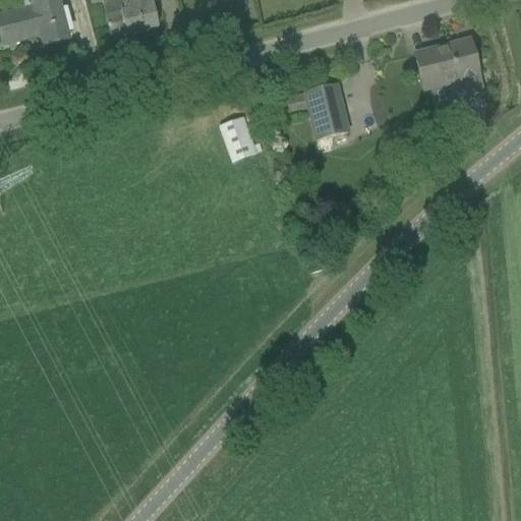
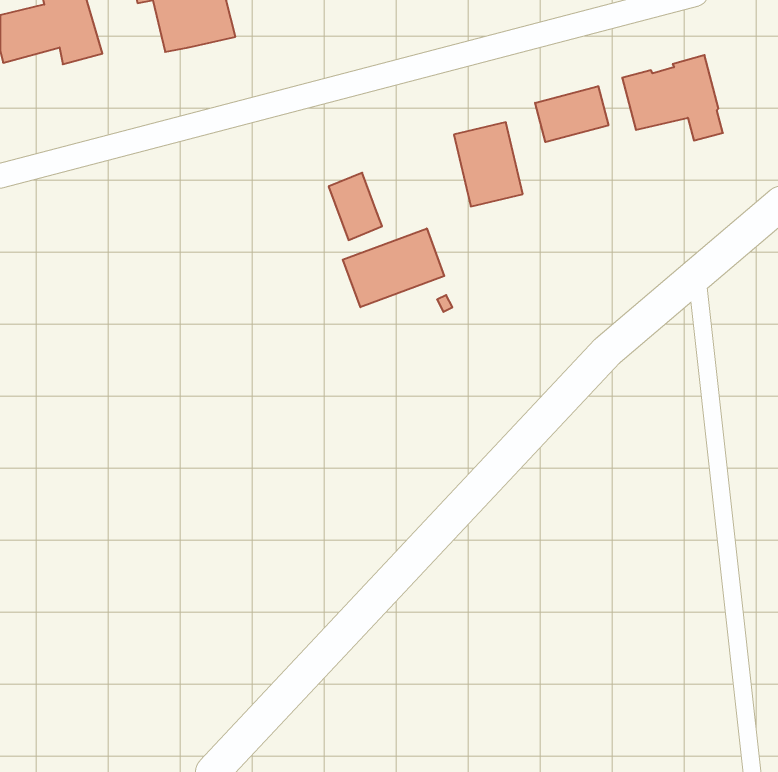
building: none -> [535,86,608,142]
building: none -> [343,228,444,307]

